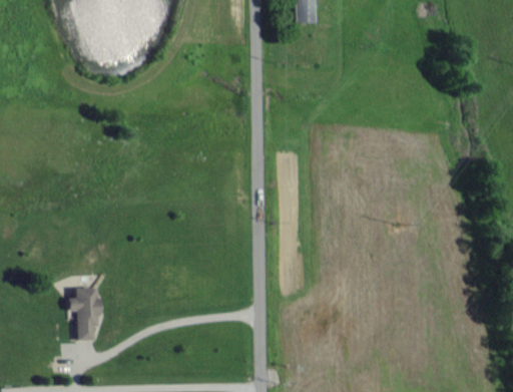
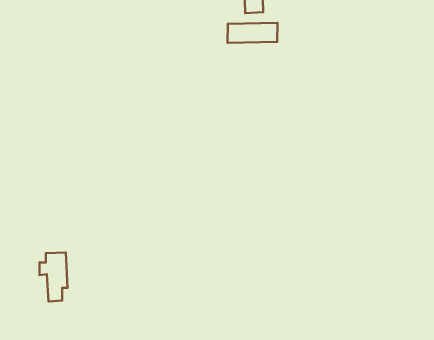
building: none -> [228,23,277,43]

